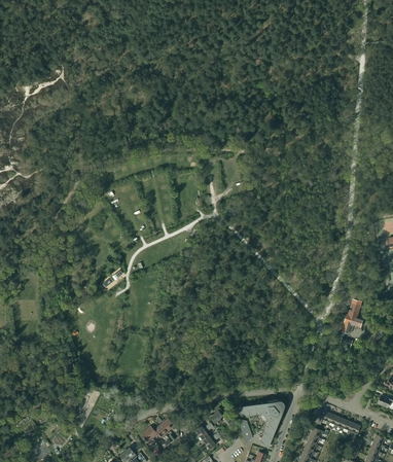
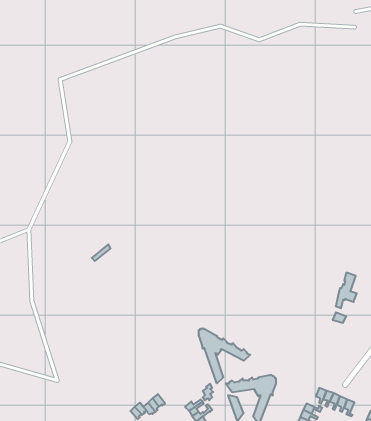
building: none -> [199,328,250,383]

